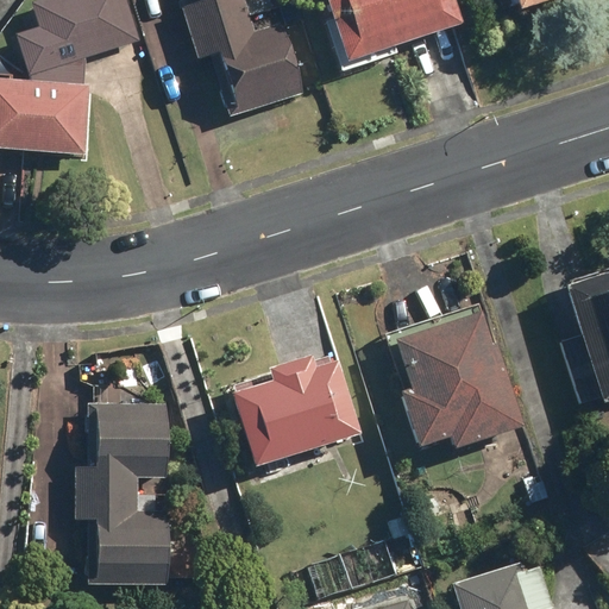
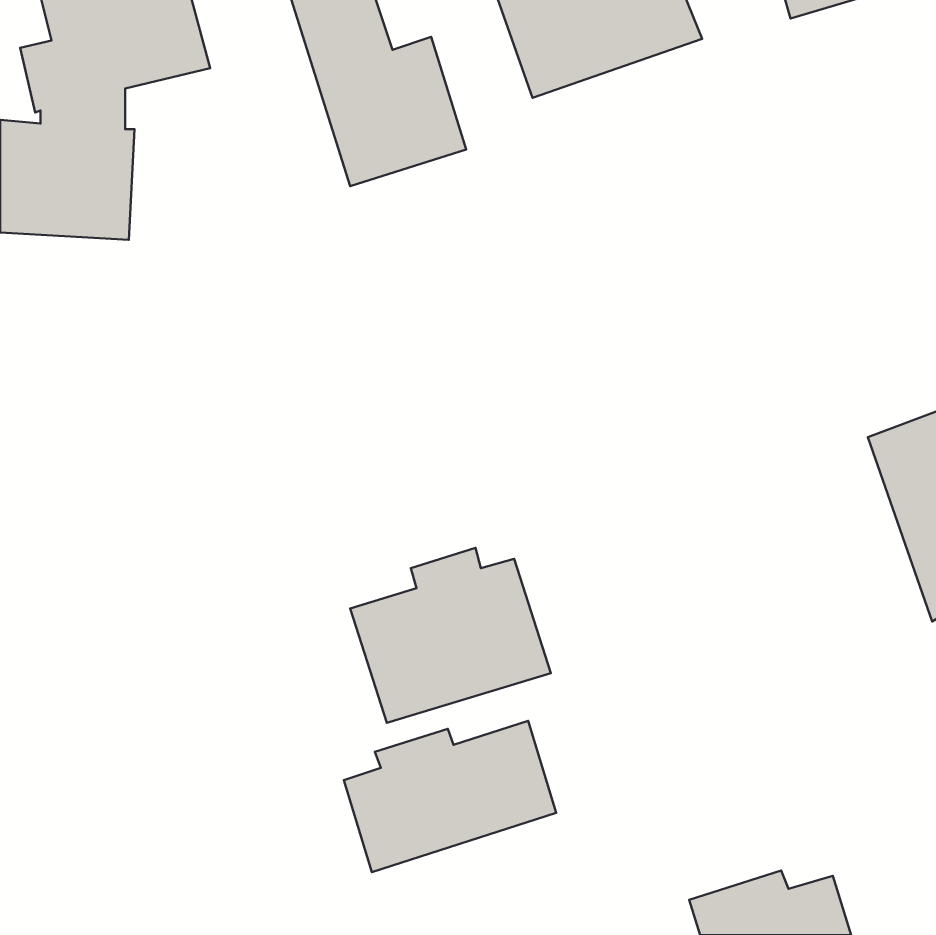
building: [394,304,521,448] -> none
building: [82,400,168,583] -> none
building: none -> [344,721,556,872]

